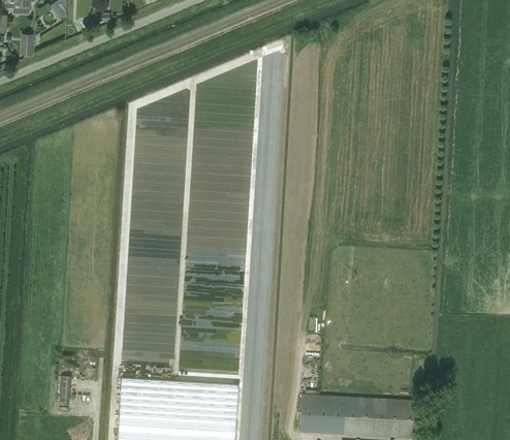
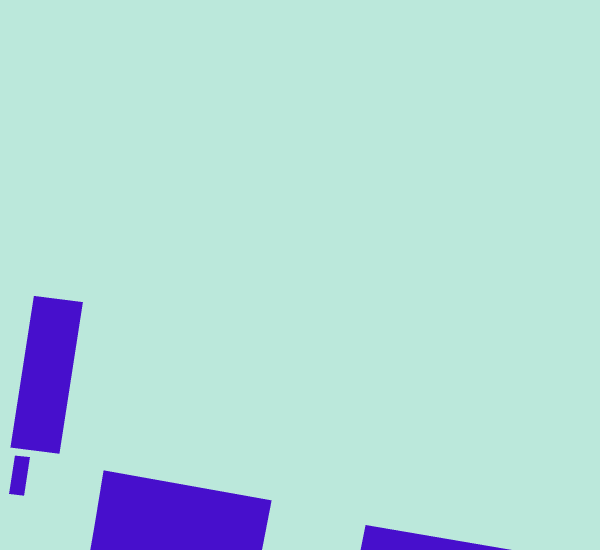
building: none -> [10,295,83,455]

